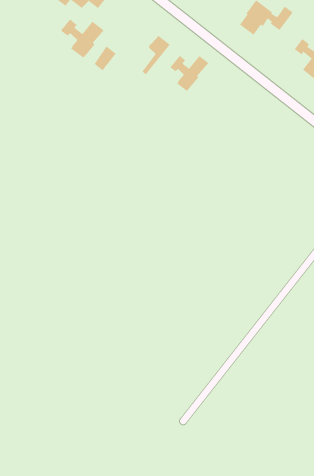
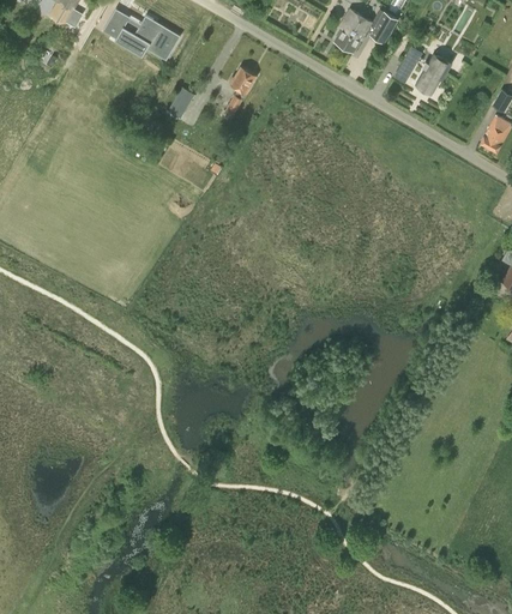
building: [60,18,105,59] -> none
building: [169,55,209,92] -> none

